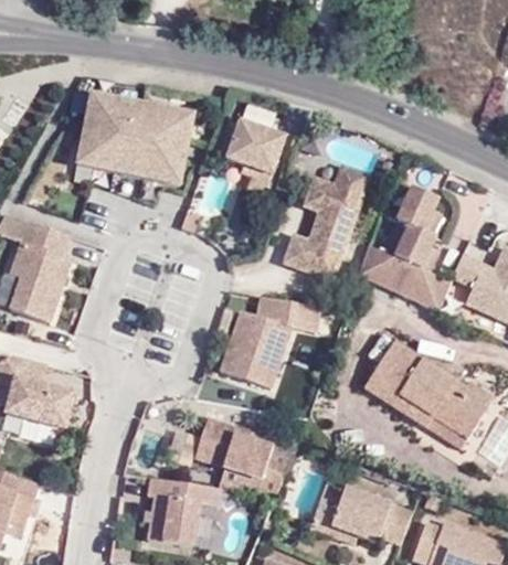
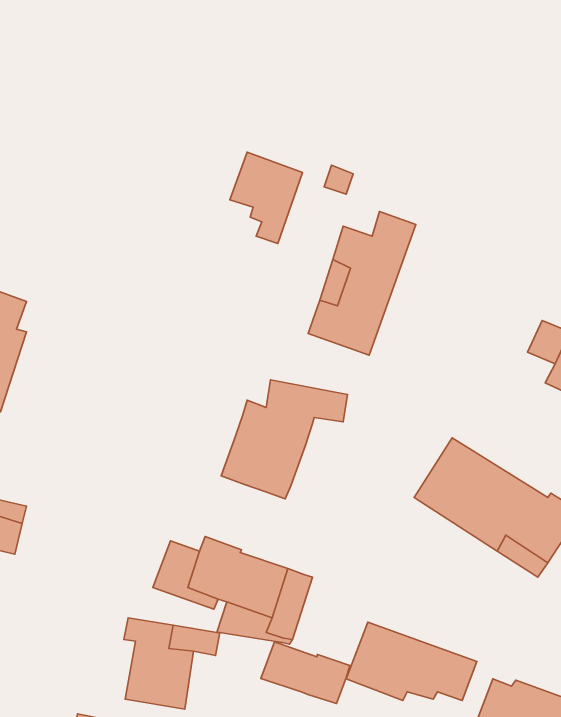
building: [75,95,192,186] -> none
building: [359,173,451,306] -> none
building: none -> [261,642,350,703]

